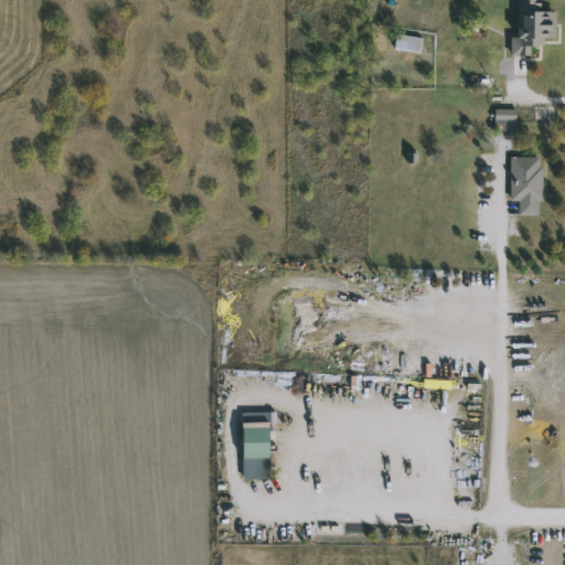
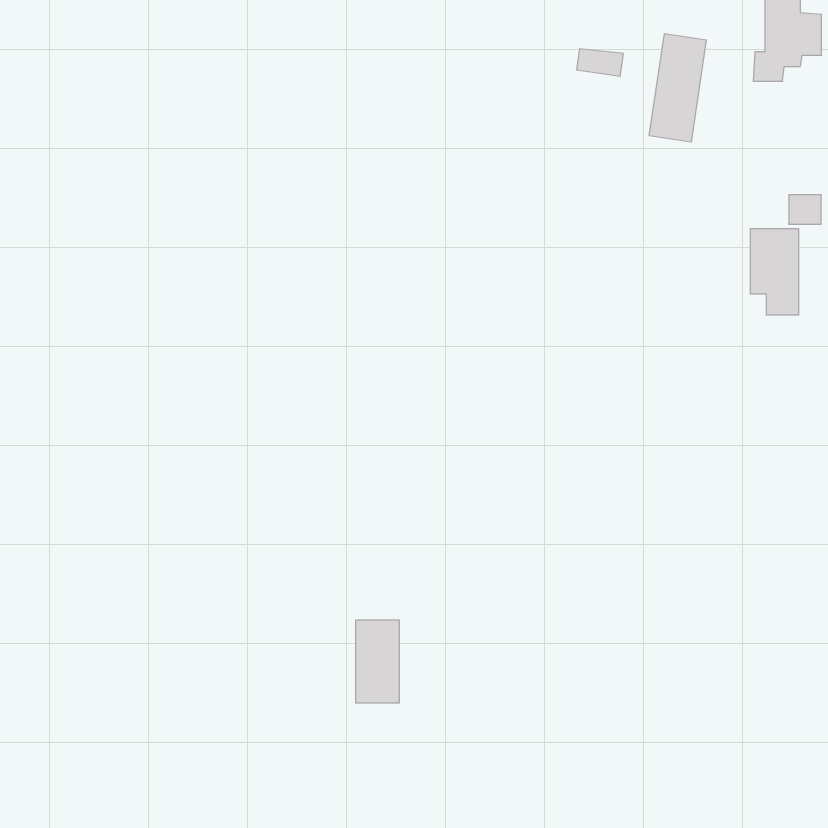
building: none -> [649,34,706,142]
building: [494,108,516,128] -> [789,195,821,224]

